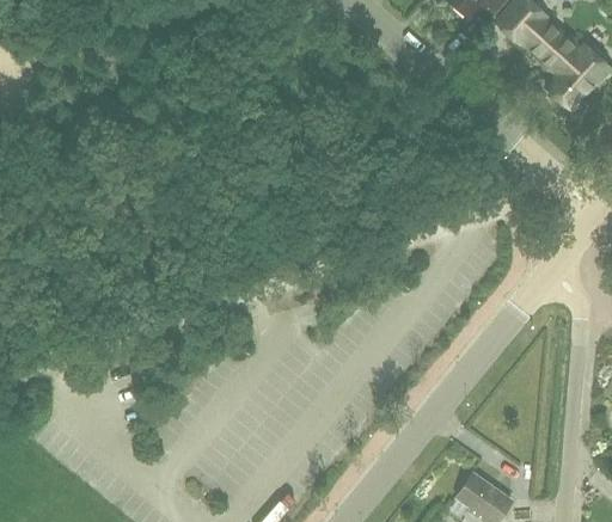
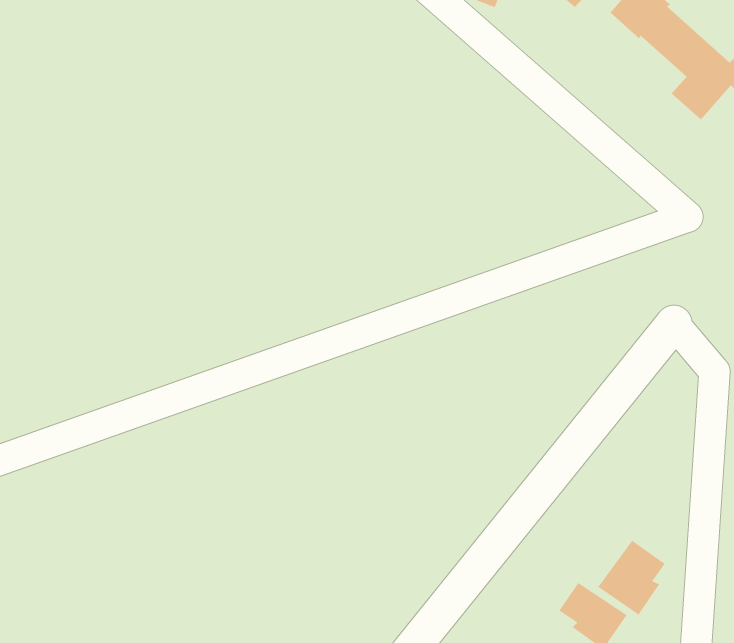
building: none -> [598,540,666,616]

